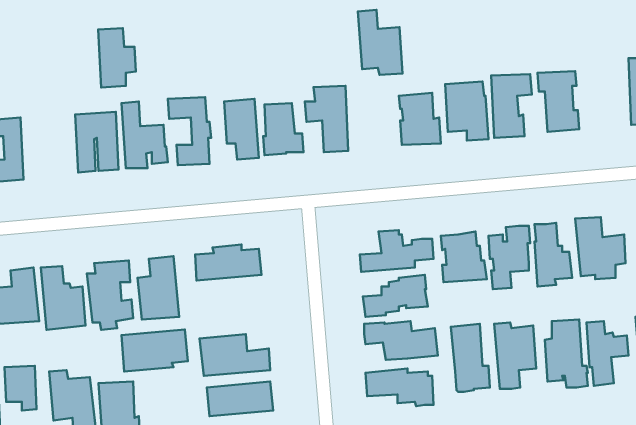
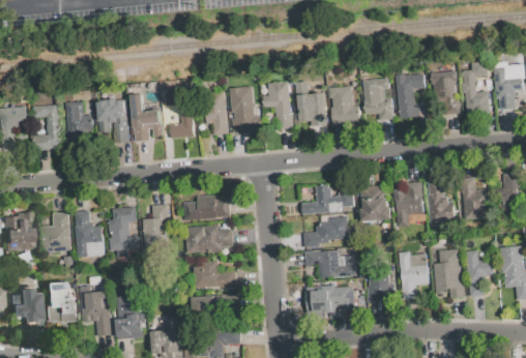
building: [358,10,402,75] -> [295,79,327,125]
building: [98,28,136,87] -> [65,100,92,143]
building: none -> [461,60,489,113]
building: [121,330,188,371] -> [185,222,233,252]

